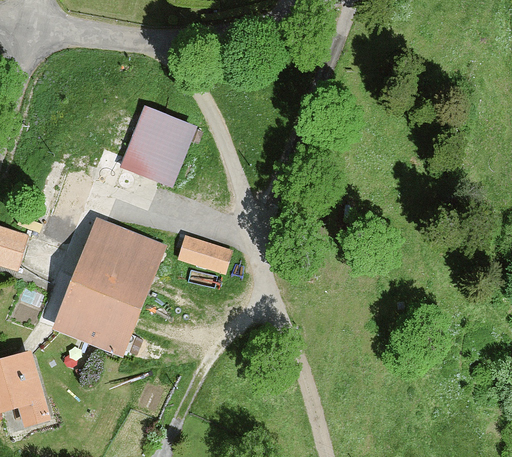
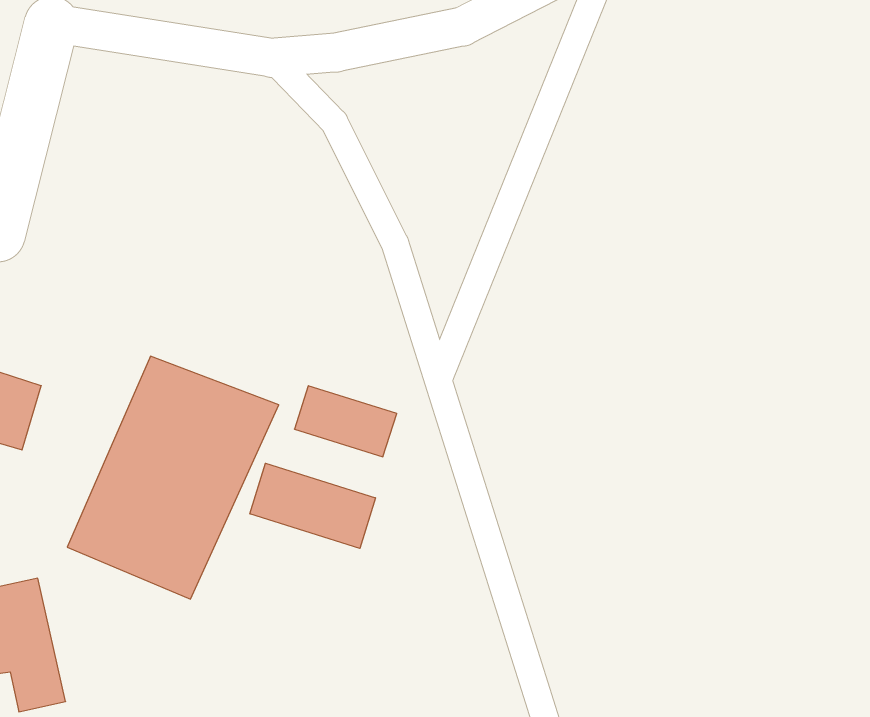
building: [120,104,193,187] -> none
building: none -> [250,463,375,548]

